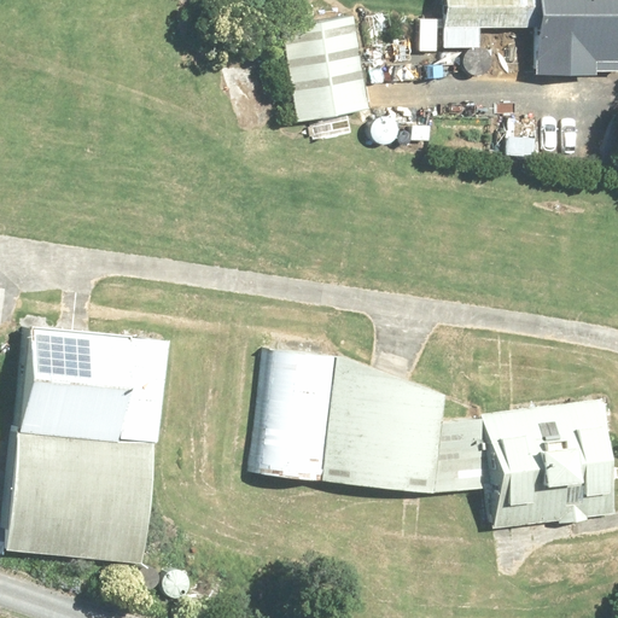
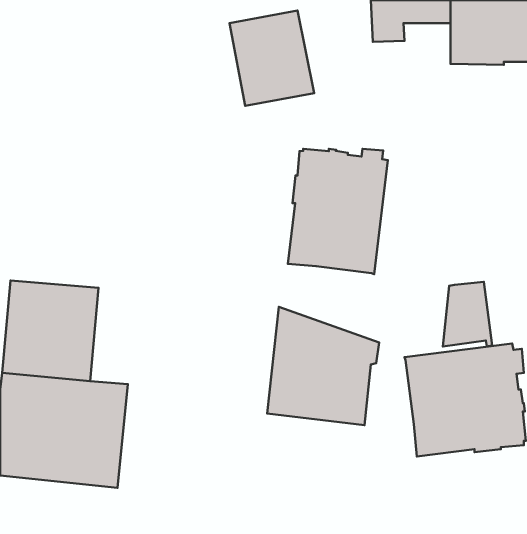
building: none -> [288,149,388,274]
building: [113,333,169,444] -> none
building: [253,346,331,478] -> none
building: [430,416,486,491] -> [443,282,492,347]

